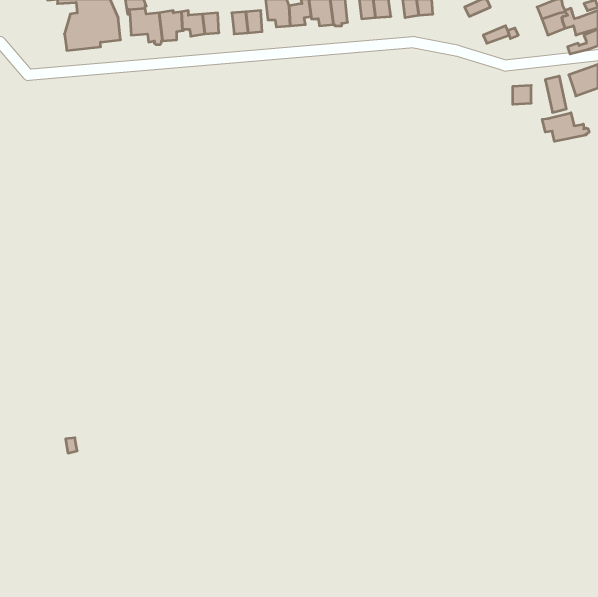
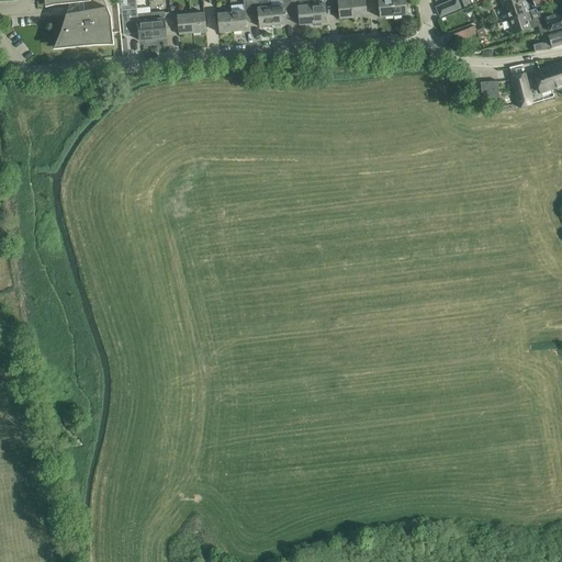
building: [542,113,589,141] -> none

